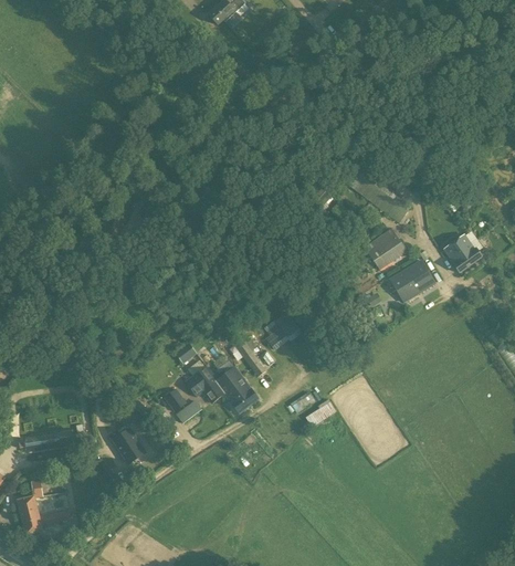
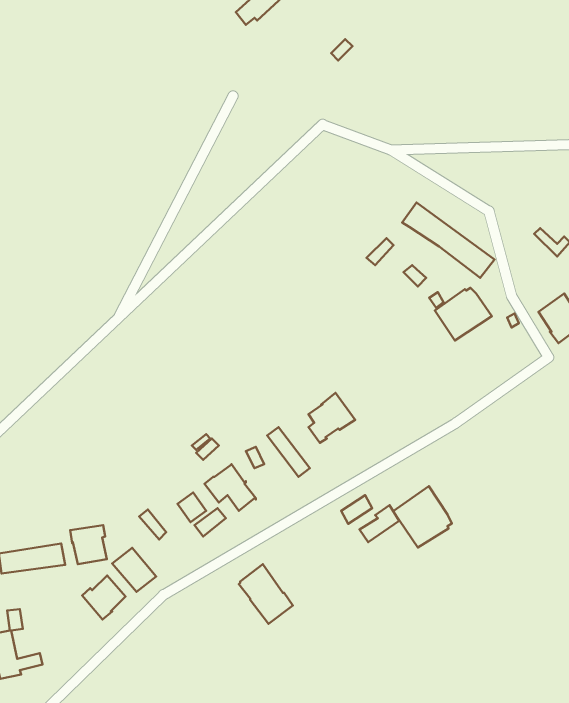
building: [390,260,435,302] -> none
building: [216,366,258,412] -> [239,564,293,624]
building: none -> [393,486,452,548]
building: none -> [70,525,107,564]
building: none -> [82,575,126,619]

